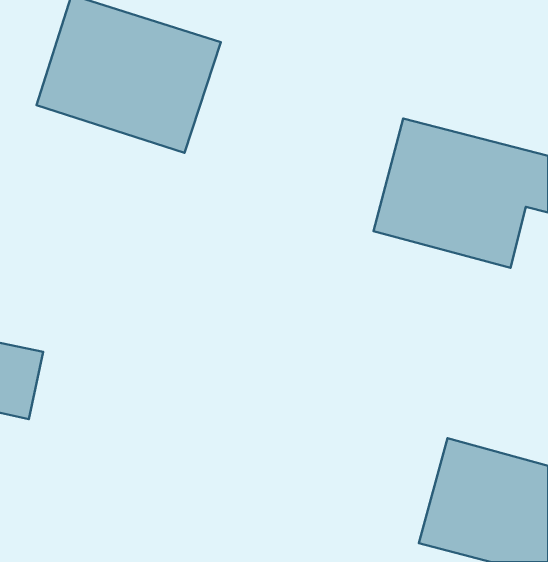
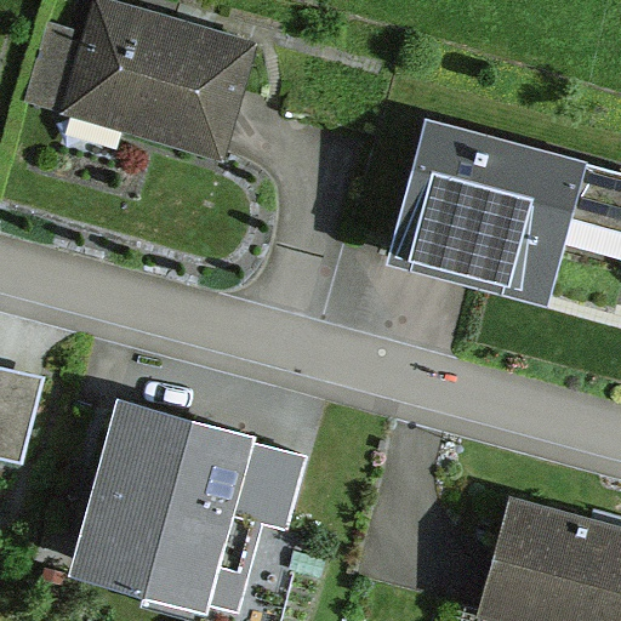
building: none -> [89,408,279,588]

